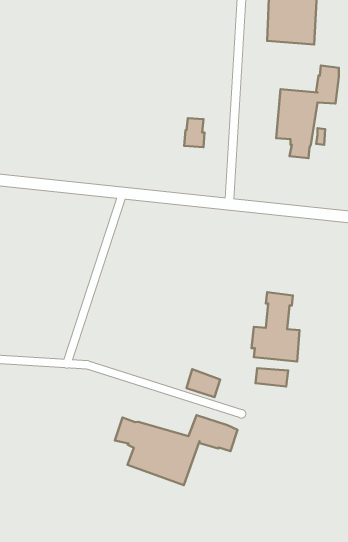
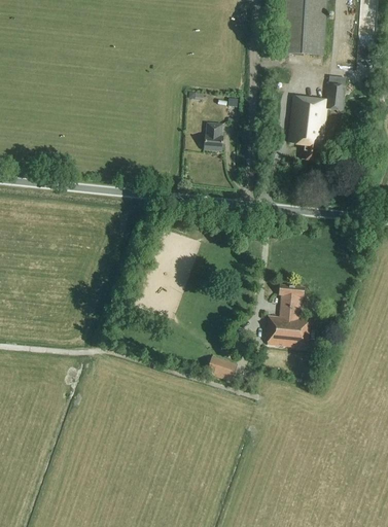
building: [255,368,288,386] -> none
building: [115,415,237,485] -> none

